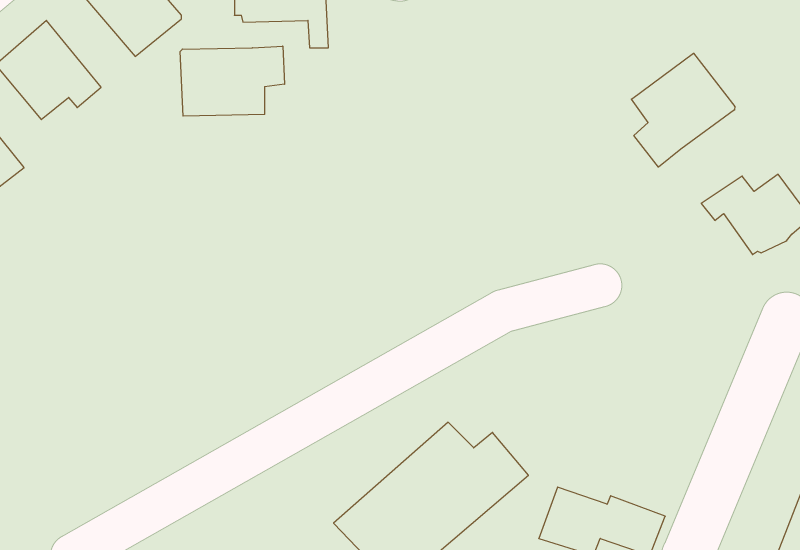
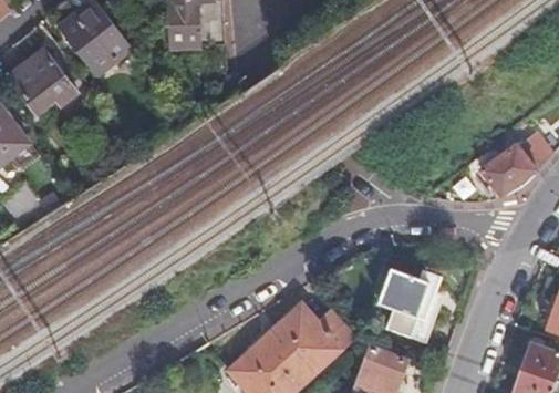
building: [180,46,285,116] -> none
building: [631,53,735,167] -> none
building: none -> [375,268,444,342]

